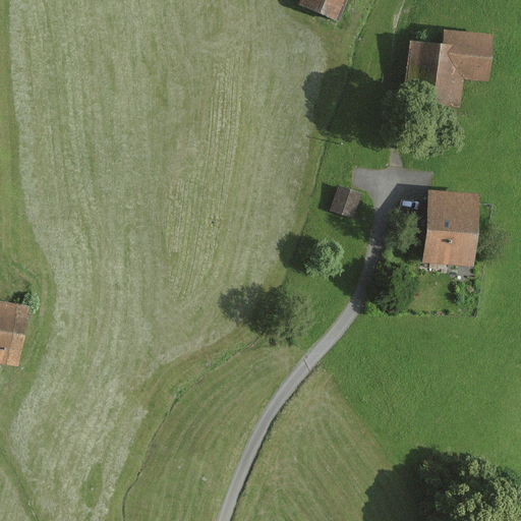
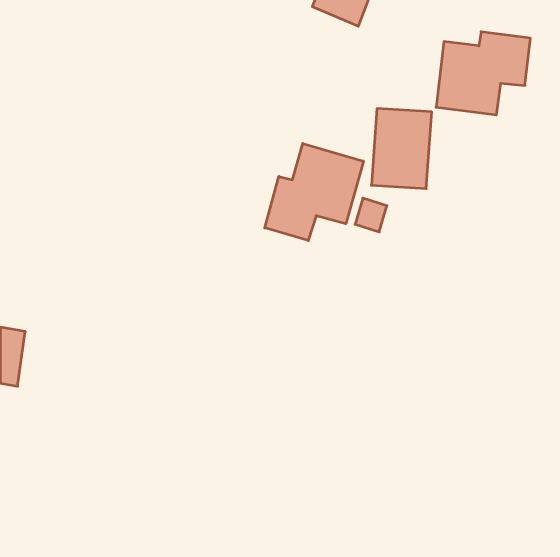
building: none -> [265,143,363,241]
building: [424,189,480,264] -> [371,109,432,189]

